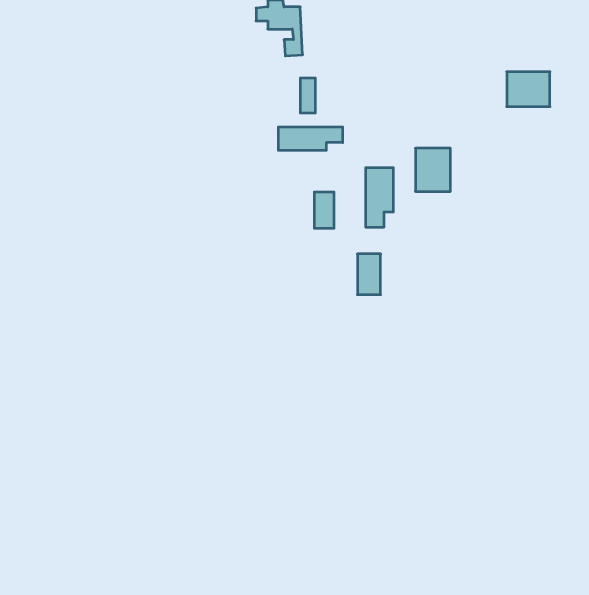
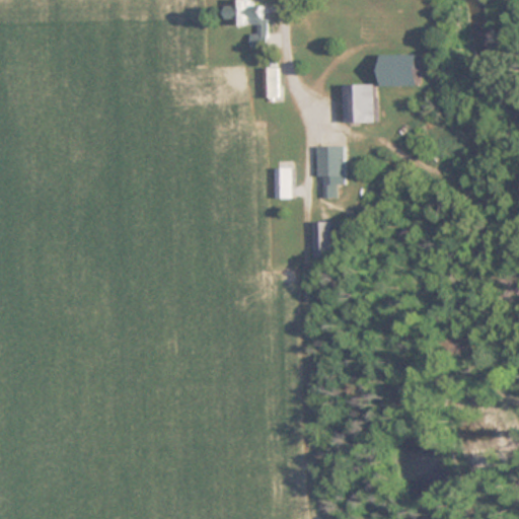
building: [507,72,550,107] -> [379,55,417,85]
building: [278,127,343,150] -> none
building: [415,148,450,191] -> [344,85,374,123]

